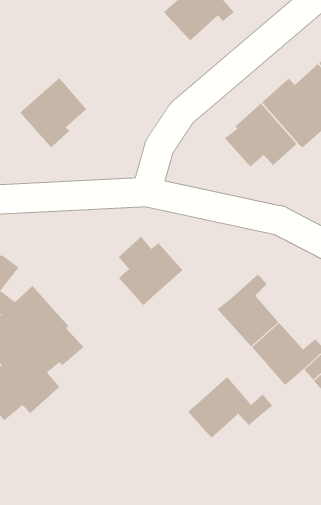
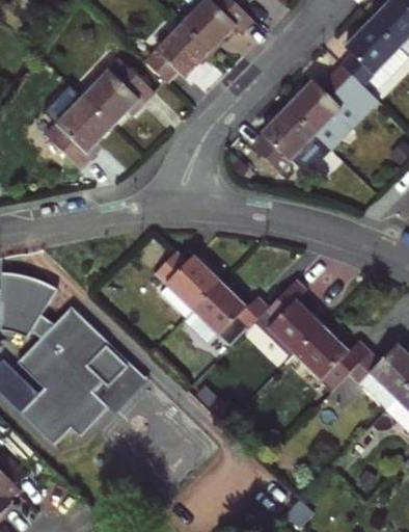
building: none -> [146,24,211,82]
building: none -> [83,58,154,127]
building: none -> [93,345,148,415]
building: [188,376,273,438] -> [184,281,269,344]

